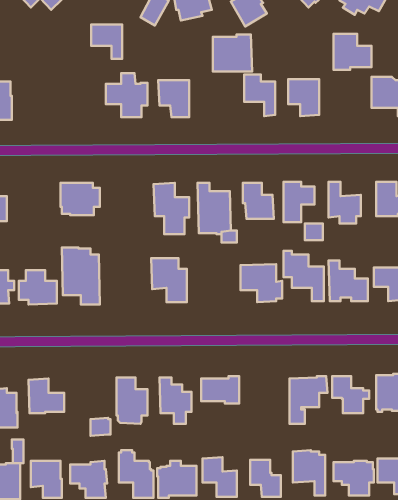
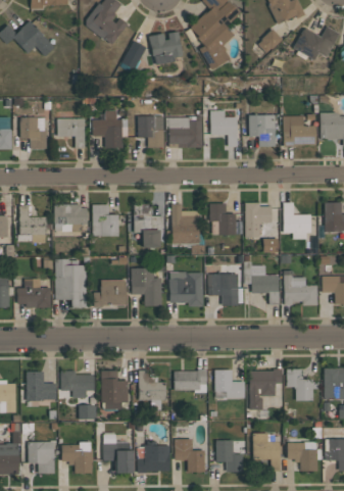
building: [91,24,122,59] -> [58,118,85,148]
building: [333,34,372,70] -> [284,116,316,147]
building: [213,35,252,72] -> [169,116,203,148]
building: none -> [20,117,47,149]
building: none -> [18,205,52,243]
building: none -> [93,205,120,236]
building: none -> [169,272,203,306]
building: none -> [94,281,128,307]
building: none -> [214,370,245,399]
building: none -> [61,372,94,399]

